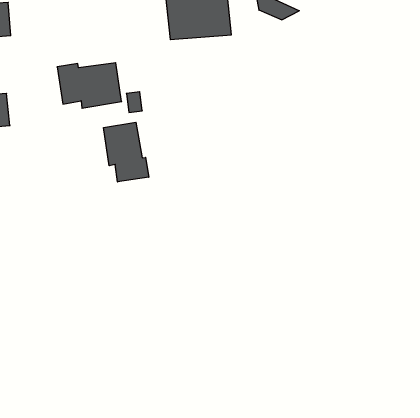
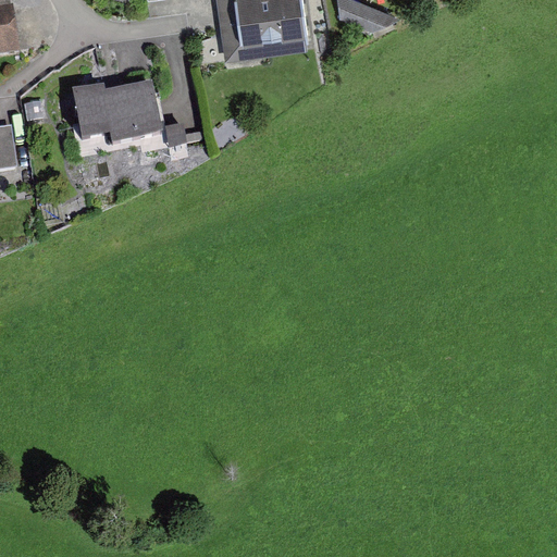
building: [104,122,149,182] -> none

